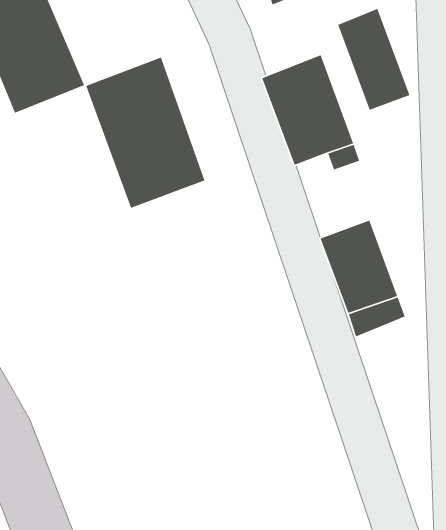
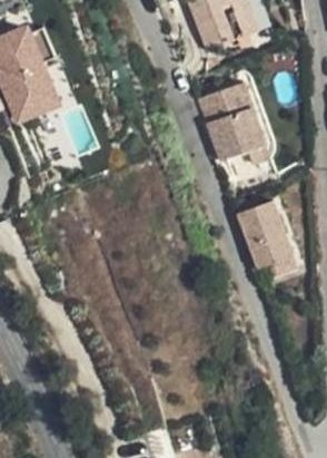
building: [337,8,410,111] -> none
building: [85,57,206,209] -> none

